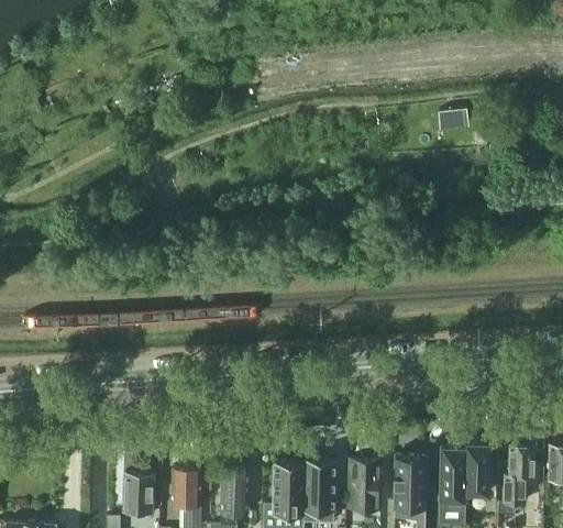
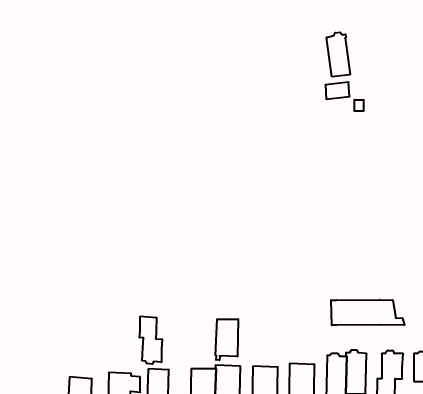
building: none -> [327,32,350,77]
building: none -> [331,300,404,325]
building: none -> [140,316,162,364]
building: none -> [216,319,238,360]

